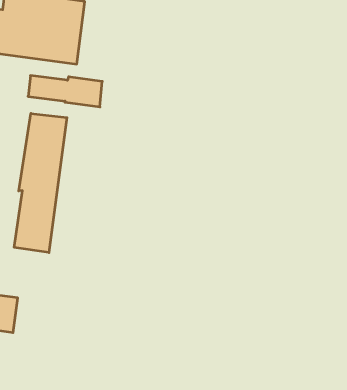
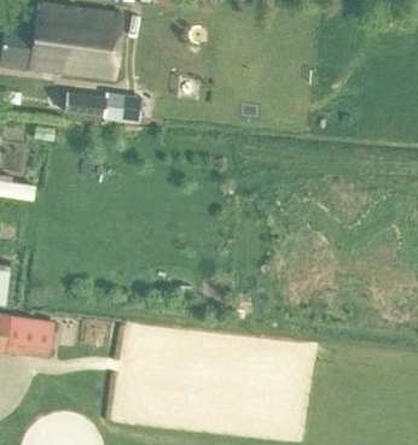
building: [14,113,67,253] -> none

